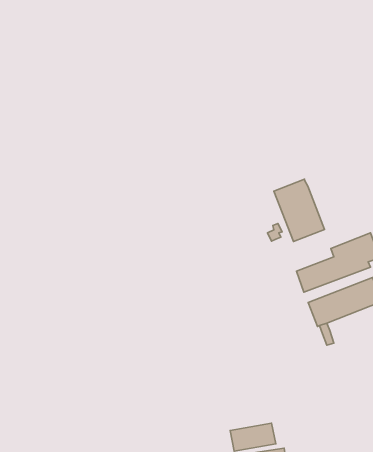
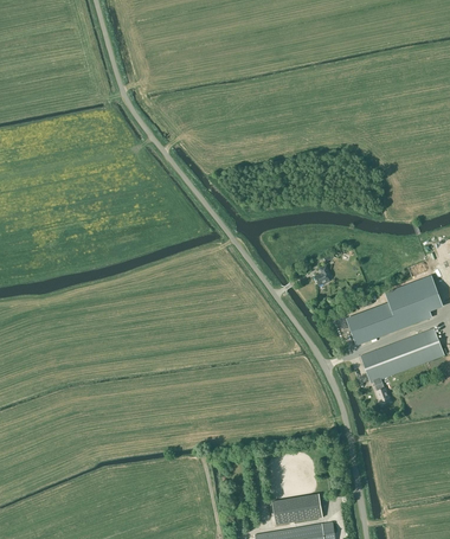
building: [274,179,324,242] -> none

